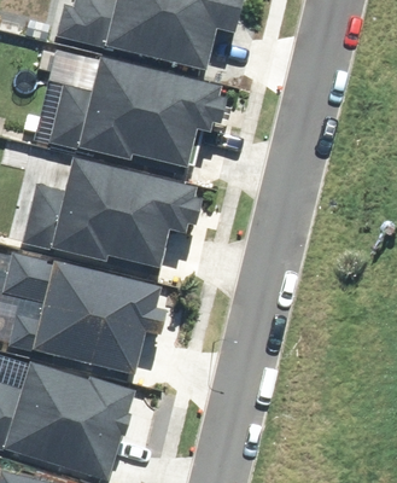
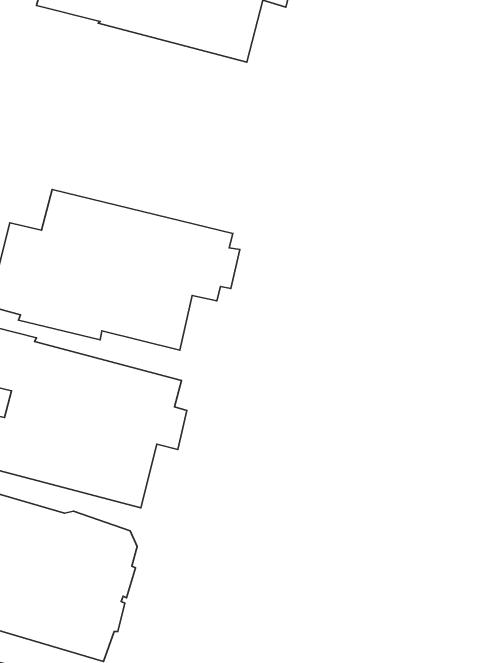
building: [49,56,218,167] -> none

